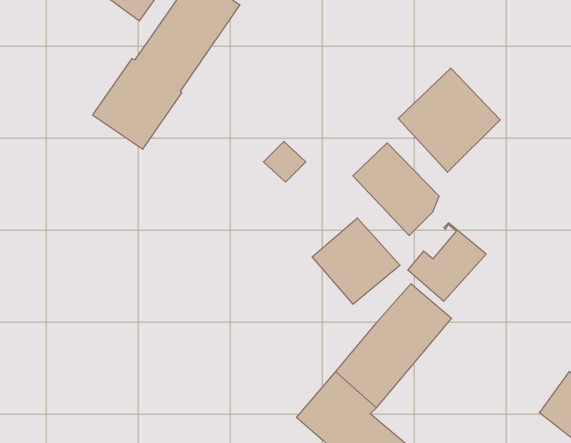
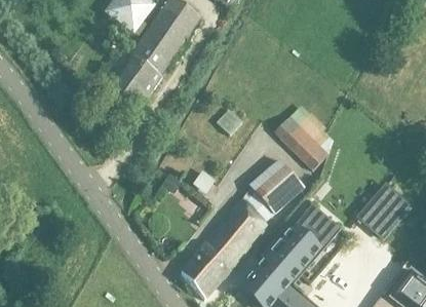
building: [398,68,500,172] -> none
building: [408,223,486,301] -> [359,184,411,235]
building: none -> [183,200,267,300]

